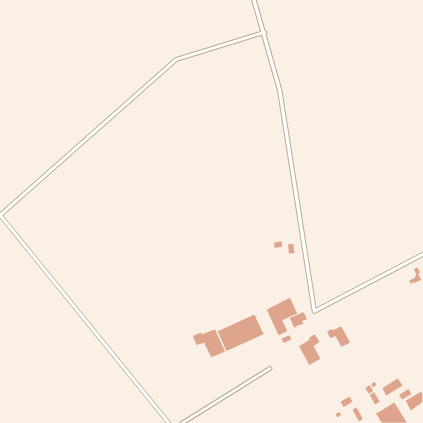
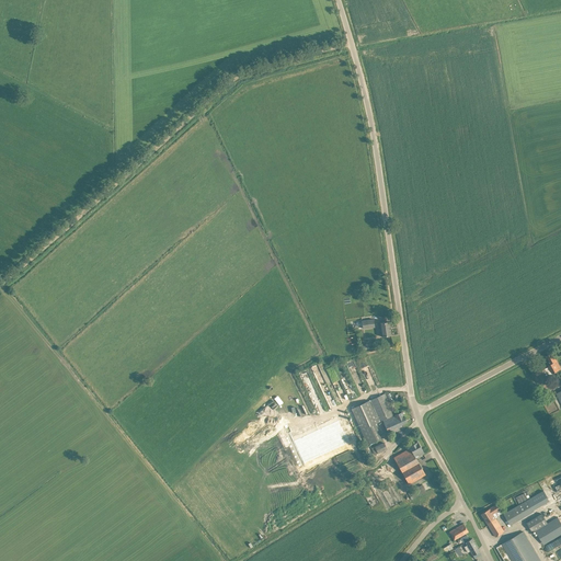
building: [326,326,351,348] -> none
building: [192,328,226,358] -> none

